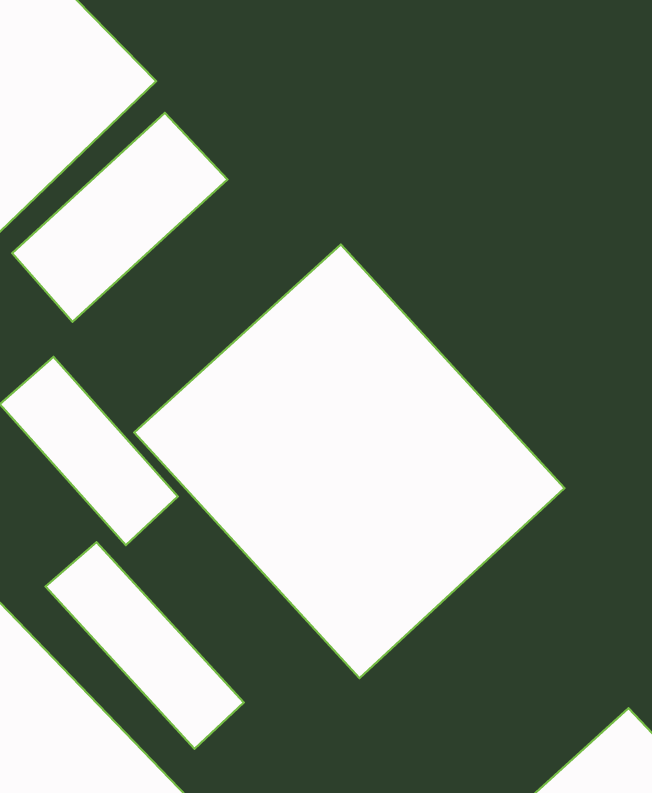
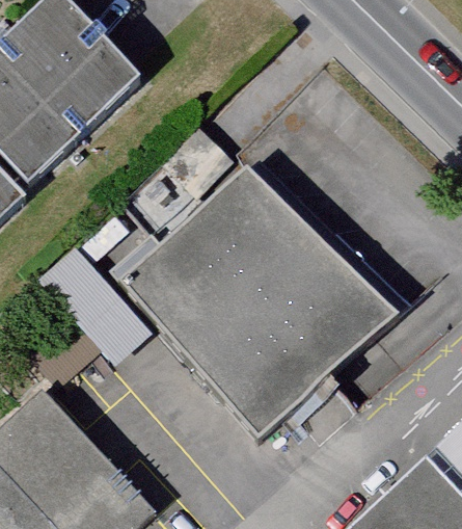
building: [12,113,227,322] -> none
building: [45,542,244,749] -> none

